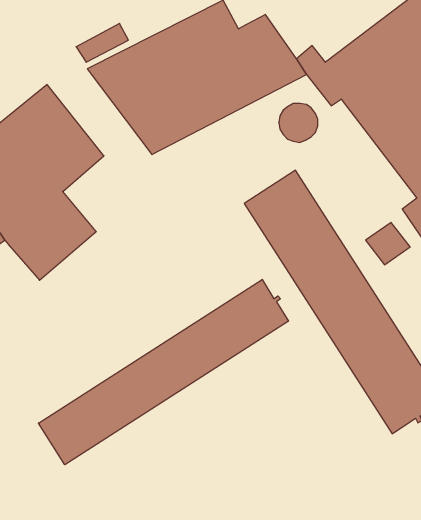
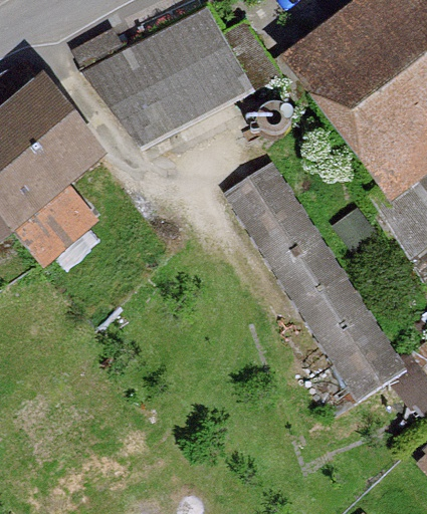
building: [38,279,288,465] -> none

